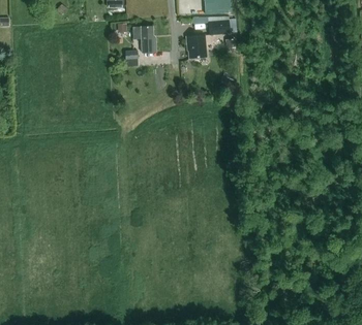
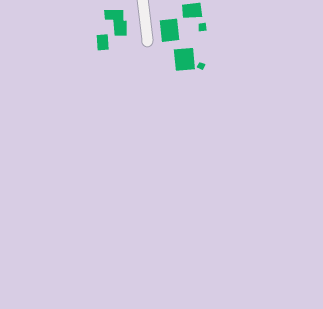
building: none -> [173,47,196,71]

